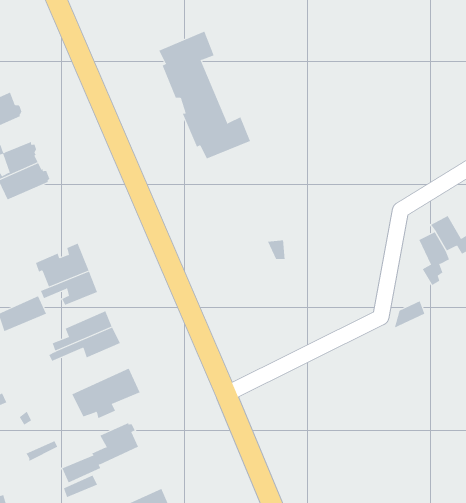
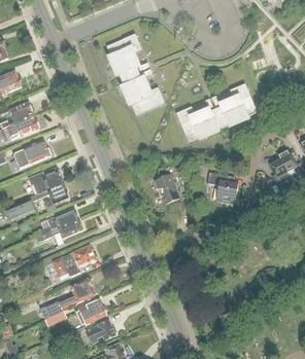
building: none -> [176,82,257,141]
building: none -> [12,140,49,168]
building: none -> [207,171,237,203]
building: none -> [154,173,179,204]
building: none -> [78,298,105,323]

